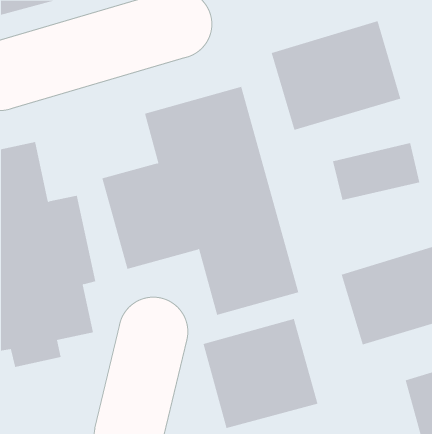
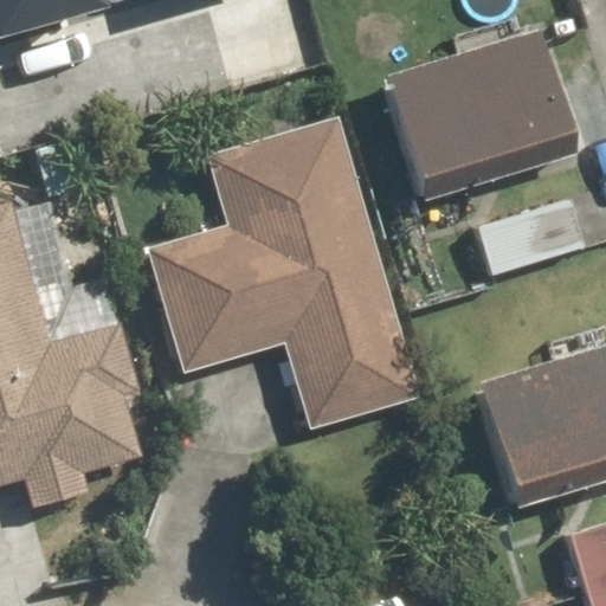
building: [203,318,318,429] -> none

